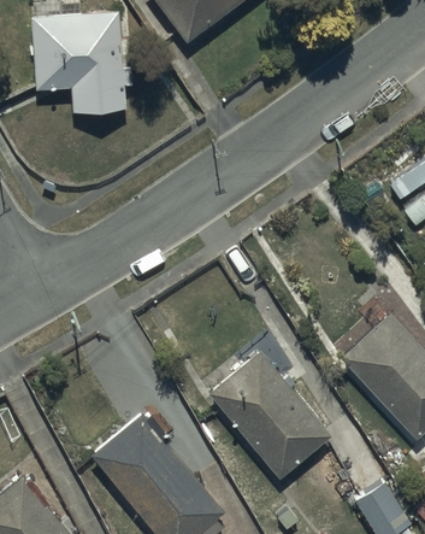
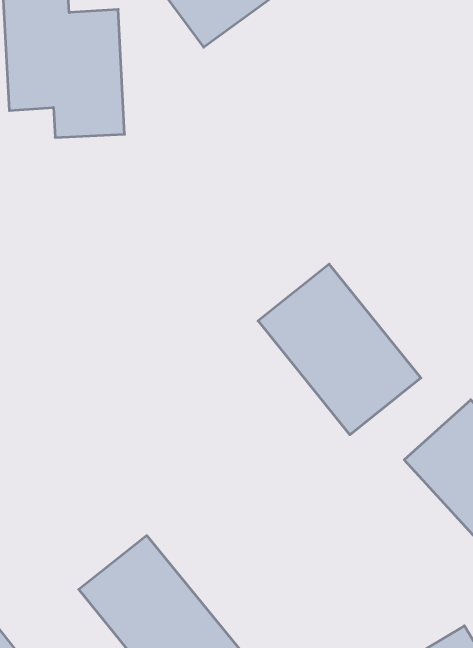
building: [208,350,332,480] -> [258,264,421,435]

